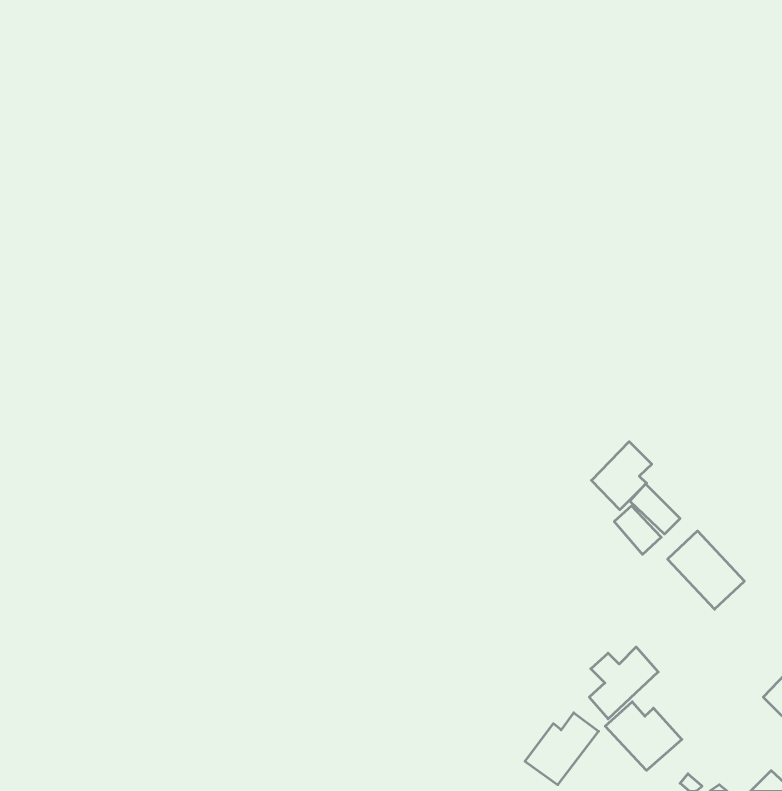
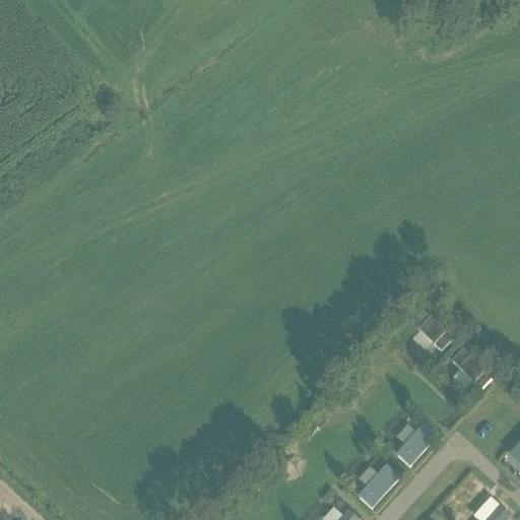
building: [591,442,652,510] -> none
building: [605,702,682,770] -> none

